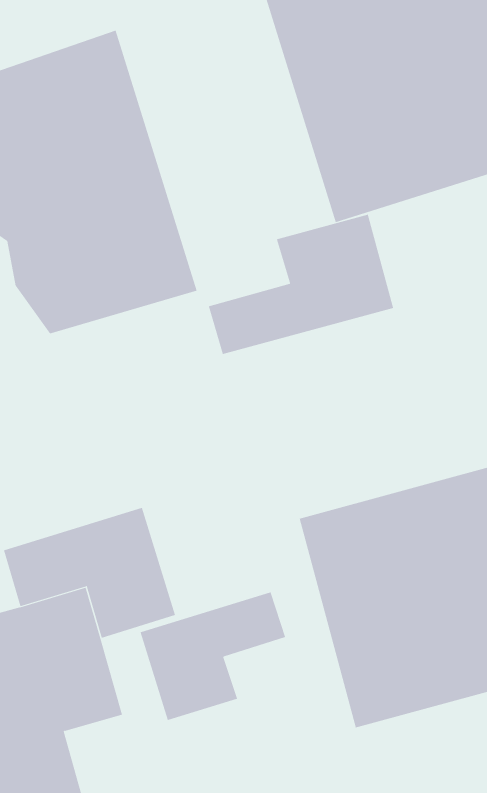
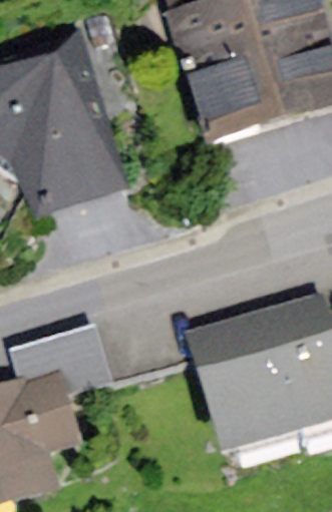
building: [208,214,394,355] -> none
building: [140,591,286,721] -> none

